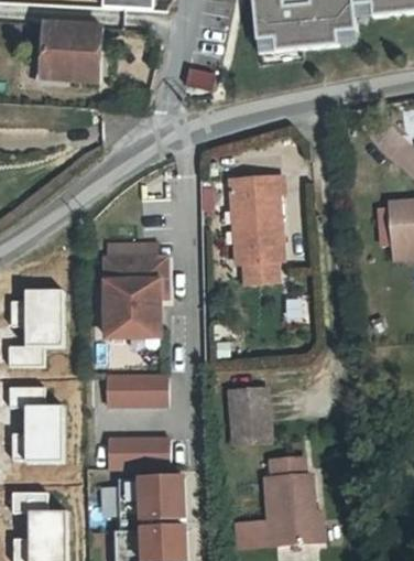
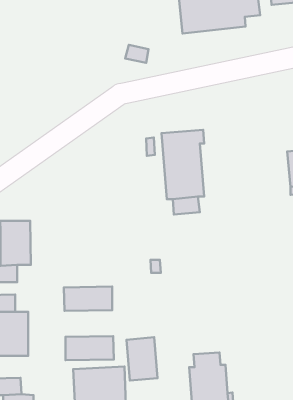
building: [41,23,100,80] -> none
building: [105,255,159,336] -> none
building: [230,387,270,442] -> [126,337,158,381]

